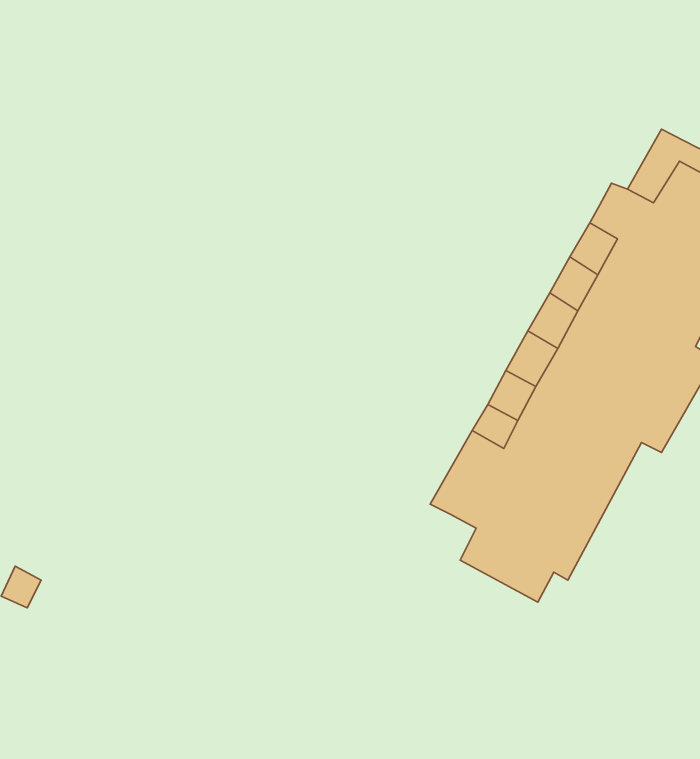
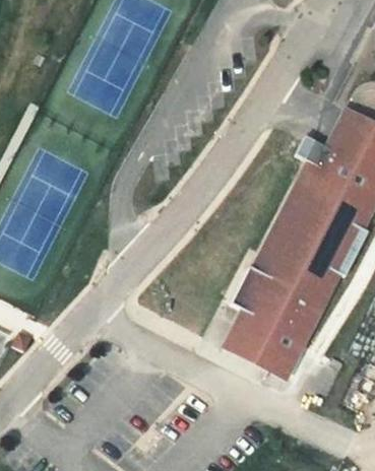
building: none -> [223,305,304,378]

